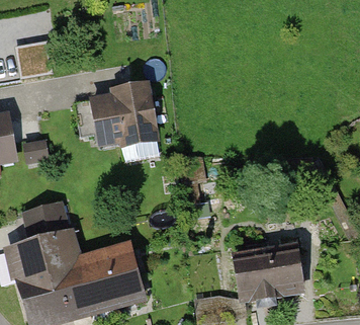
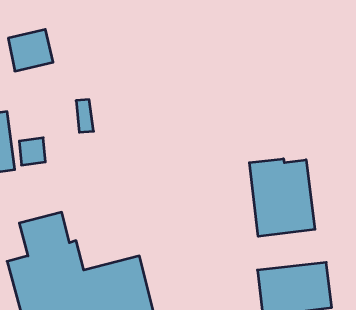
building: [92,85,157,149] -> none
building: none -> [249,159,315,236]

